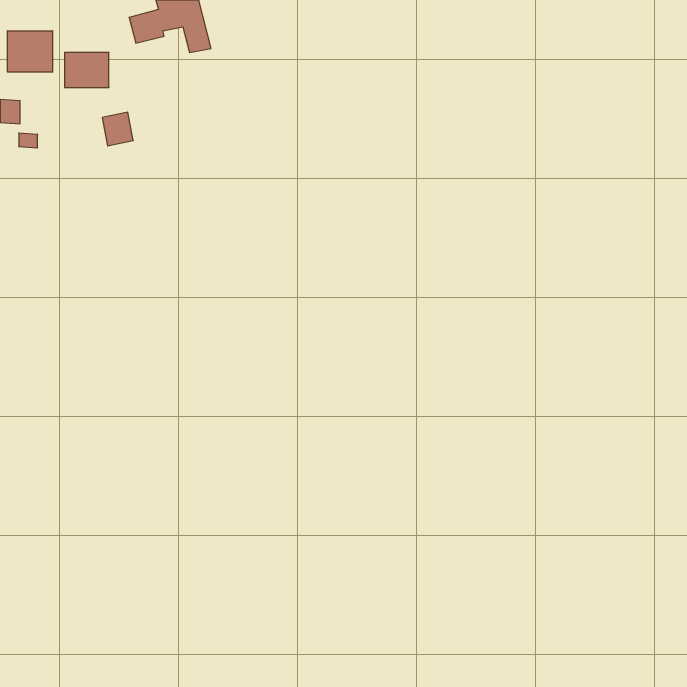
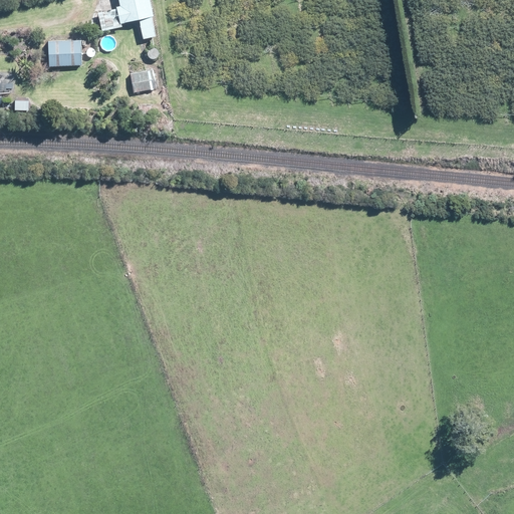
building: [8,31,53,72] -> none
building: [102,112,133,146] -> [130,67,153,92]

